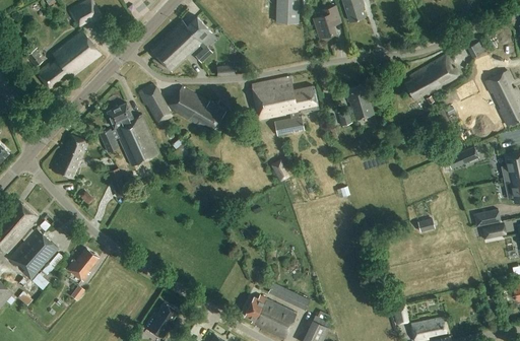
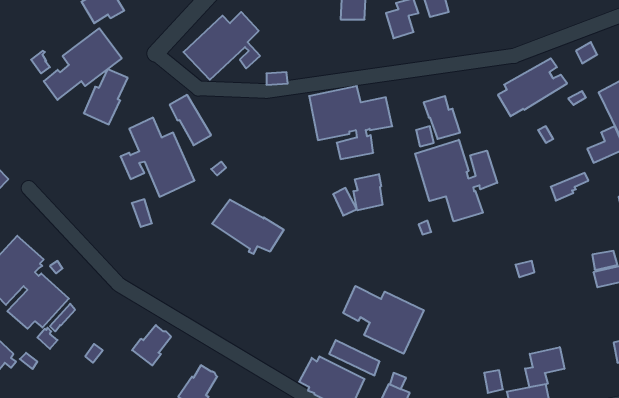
building: [168,87,225,131] -> [212,200,284,254]
building: none -> [415,140,497,221]
building: [52,135,87,180] -> [84,69,128,124]
building: none -> [353,174,383,210]
building: none -> [343,286,424,354]
building: [67,249,99,281] -> [132,325,171,365]
building: none -> [525,347,564,387]

